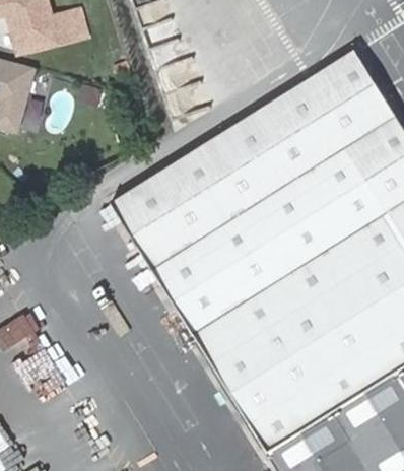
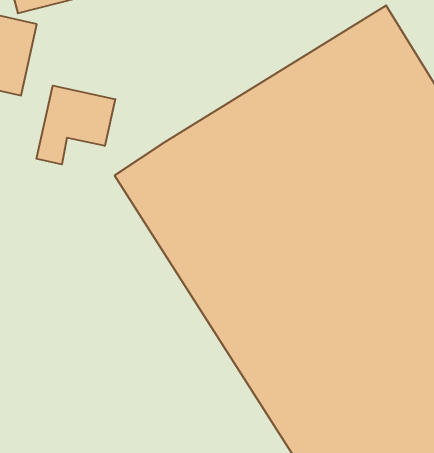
building: none -> [36,86,115,164]

